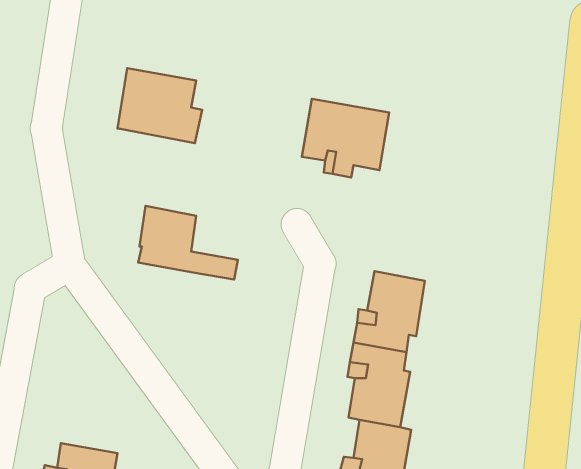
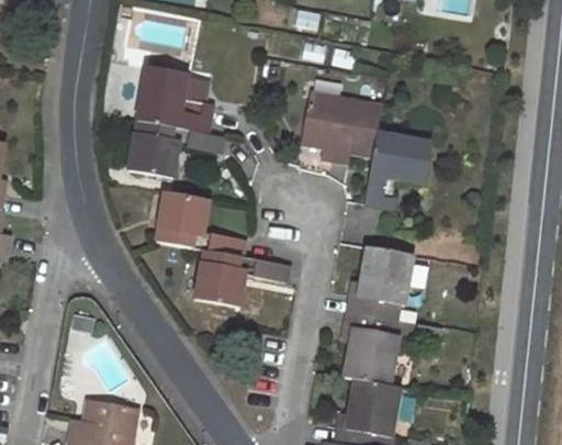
building: none -> [130,120,224,176]
building: none -> [366,132,430,207]
building: none -> [195,248,290,304]

